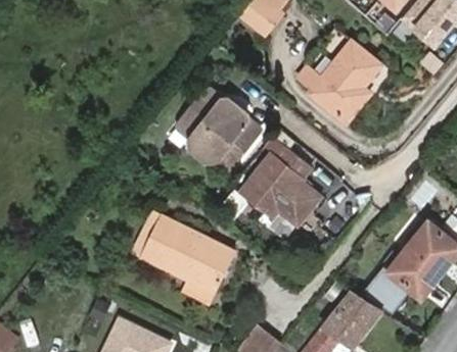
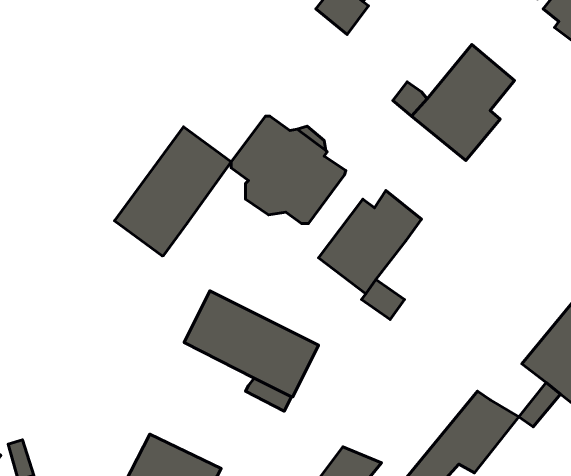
building: none -> [114,127,231,256]
building: [280,182,321,223] -> none
building: [362,267,402,307] -> none

